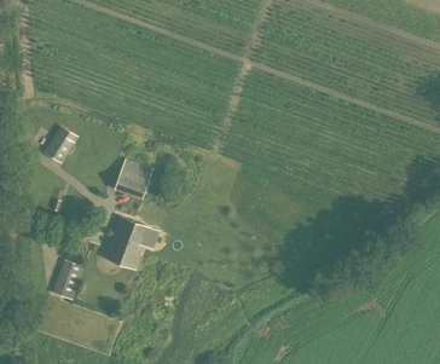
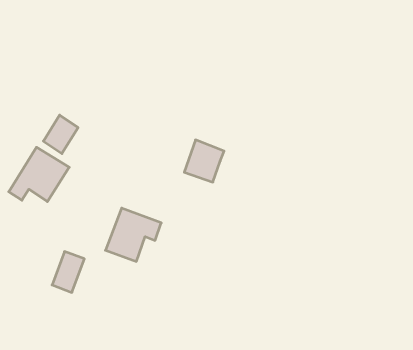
building: none -> [9,147,69,202]
building: [114,157,152,198] -> [184,140,224,182]

